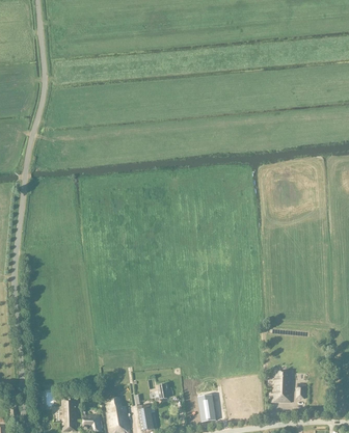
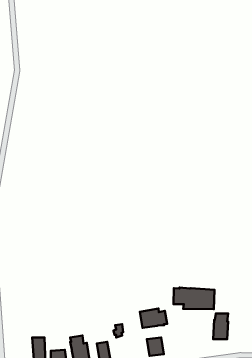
building: none -> [174,288,215,309]
building: none -> [140,308,167,328]

